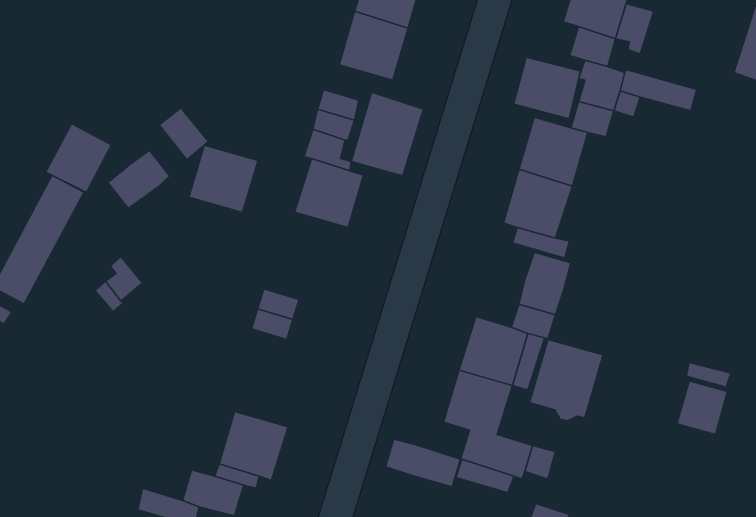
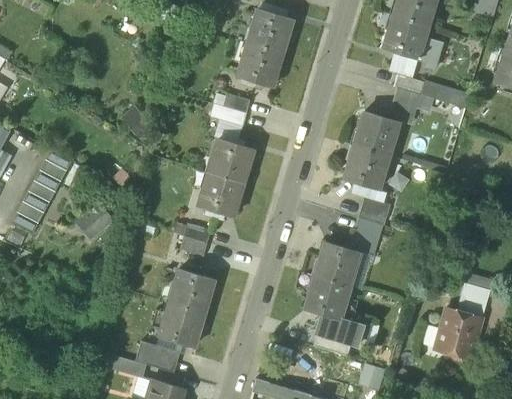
building: [514,57,580,119] -> none
building: [351,92,423,176] -> none
building: [45,123,112,192] -> none
building: [189,145,258,213] -> [198,173,243,217]
building: [108,150,170,208] -> none
building: [530,339,603,421] -> [434,308,482,361]
building: none -> [169,268,214,313]
building: [385,439,460,487] -> none

